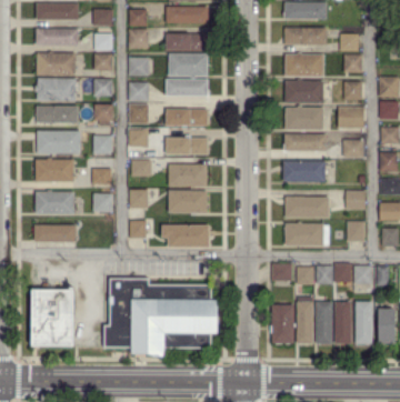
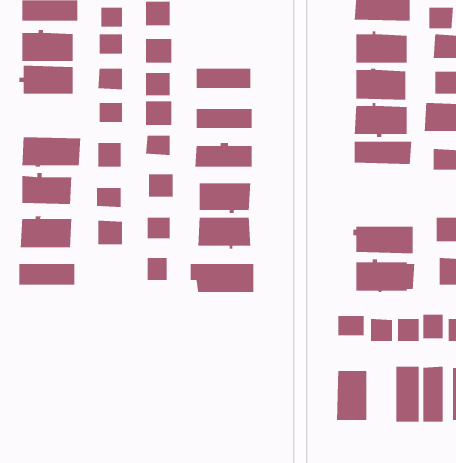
building: [166,33,208,50] -> none
building: [168,54,208,78] -> none
building: [37,105,78,122] -> none
building: [283,160,328,181] -> none
building: [103,277,218,353] -> none
building: [32,287,74,344] -> none
building: [297,297,314,343] -> none

